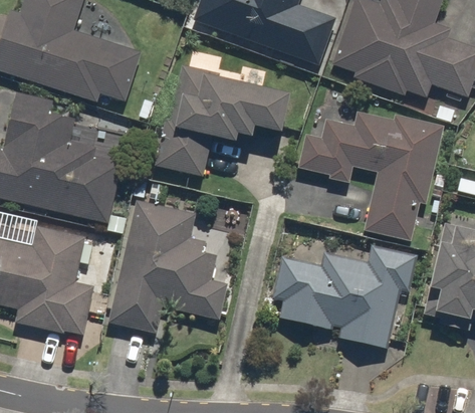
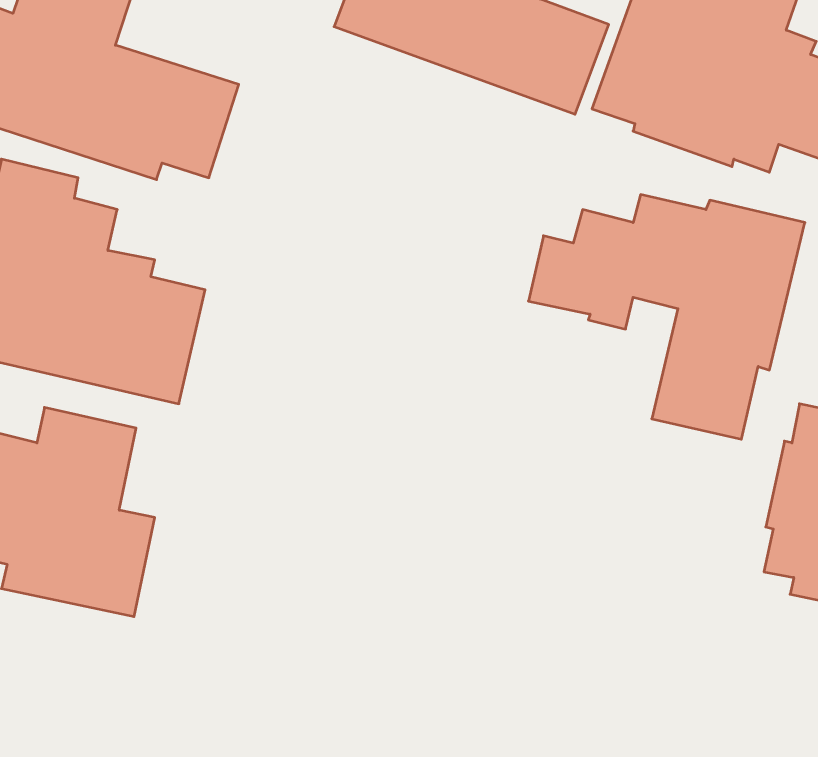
building: [152,63,287,176] -> none
building: [106,198,229,333] -> none
building: [272,243,419,349] -> none

